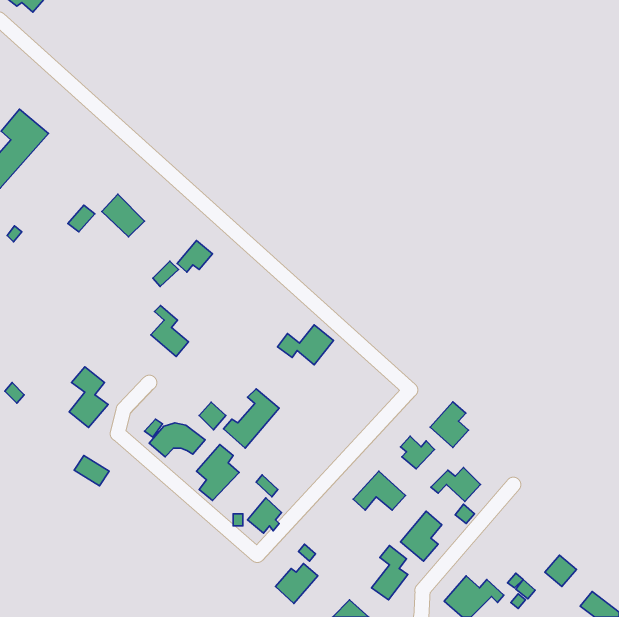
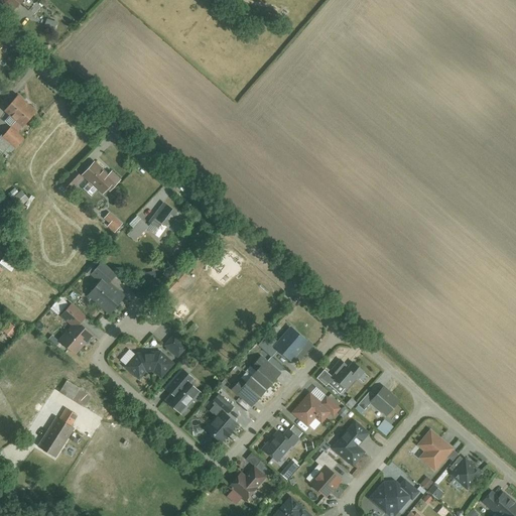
building: [151,306,188,357] -> [88,271,119,313]
building: [278,325,333,365] -> [263,327,309,360]
building: [223,389,279,448] -> [232,355,278,404]
building: [430,402,468,448] -> none
building: none -> [36,407,76,453]
building: none -> [262,428,299,463]
building: none -> [418,430,454,472]

